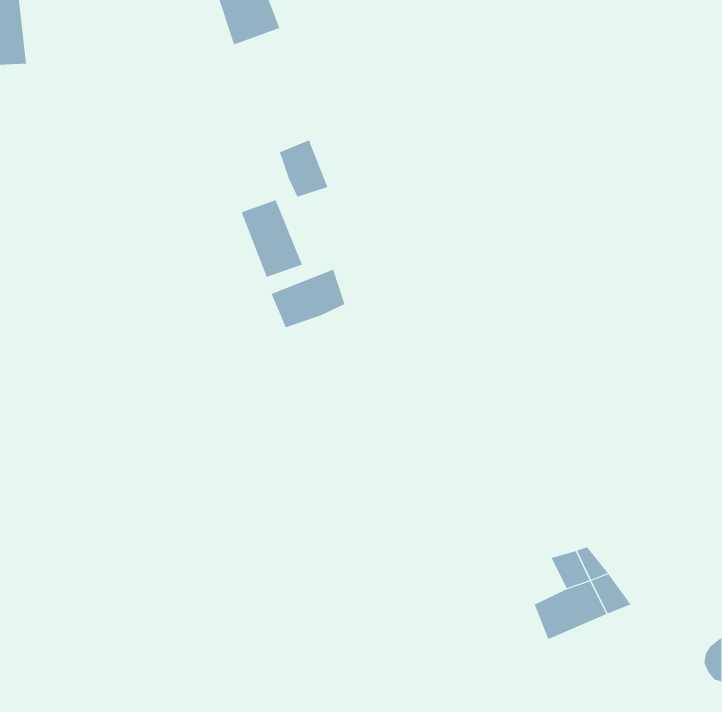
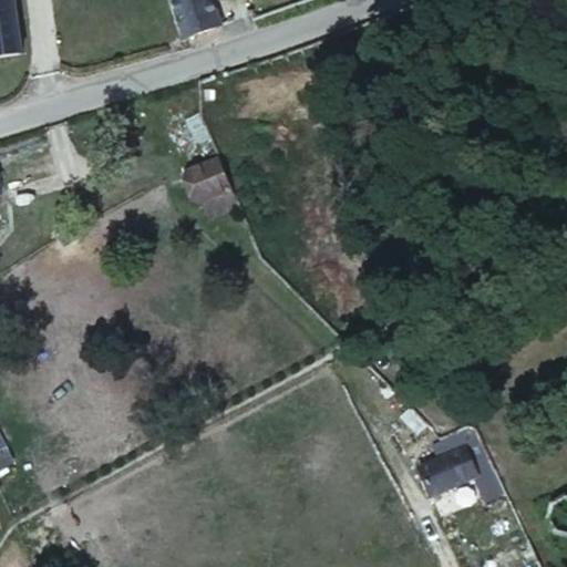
building: [279,139,328,198] -> none
building: [271,269,345,328] -> none

